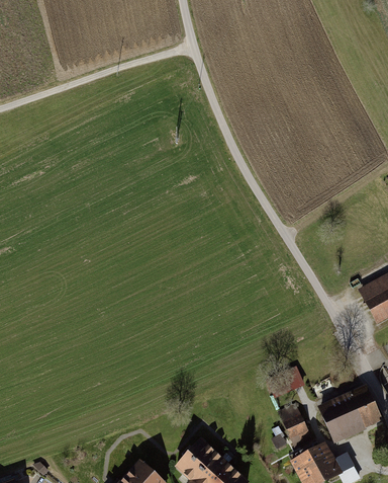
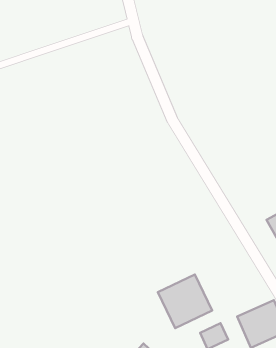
building: none -> [158,275,212,328]

